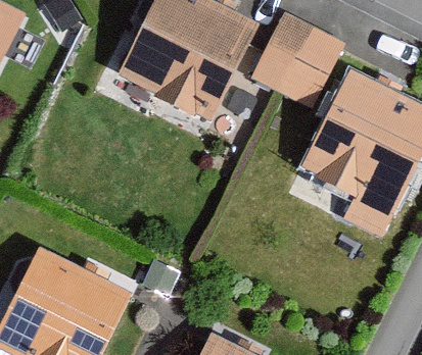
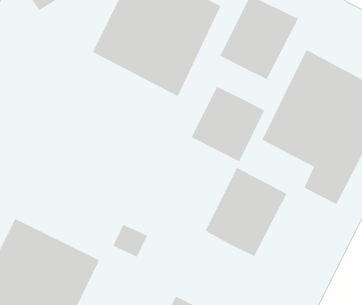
building: none -> [191,86,265,162]
building: none -> [205,167,287,257]

